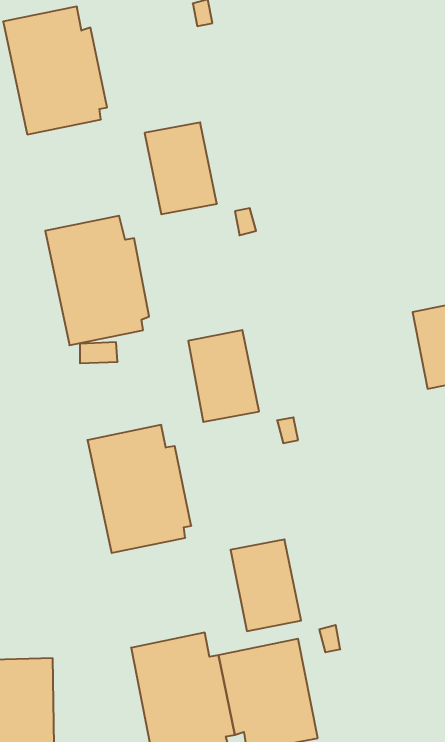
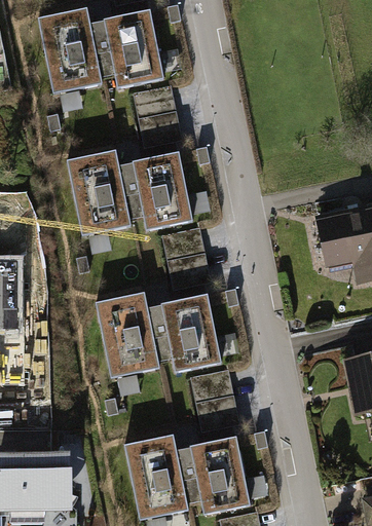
building: none -> [96,10,164,87]
building: none -> [125,153,193,230]
building: none -> [153,295,222,372]

